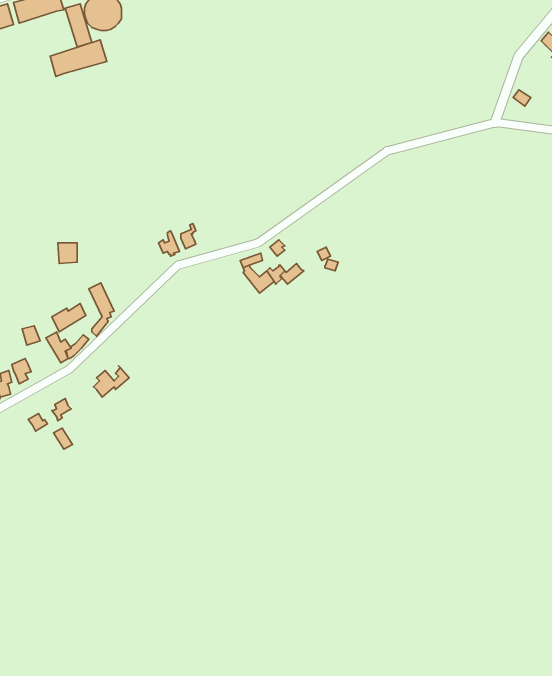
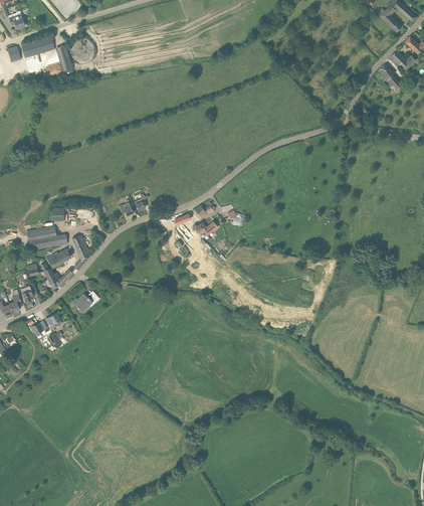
building: [50,40,107,76] -> none
building: none -> [27,224,67,249]

